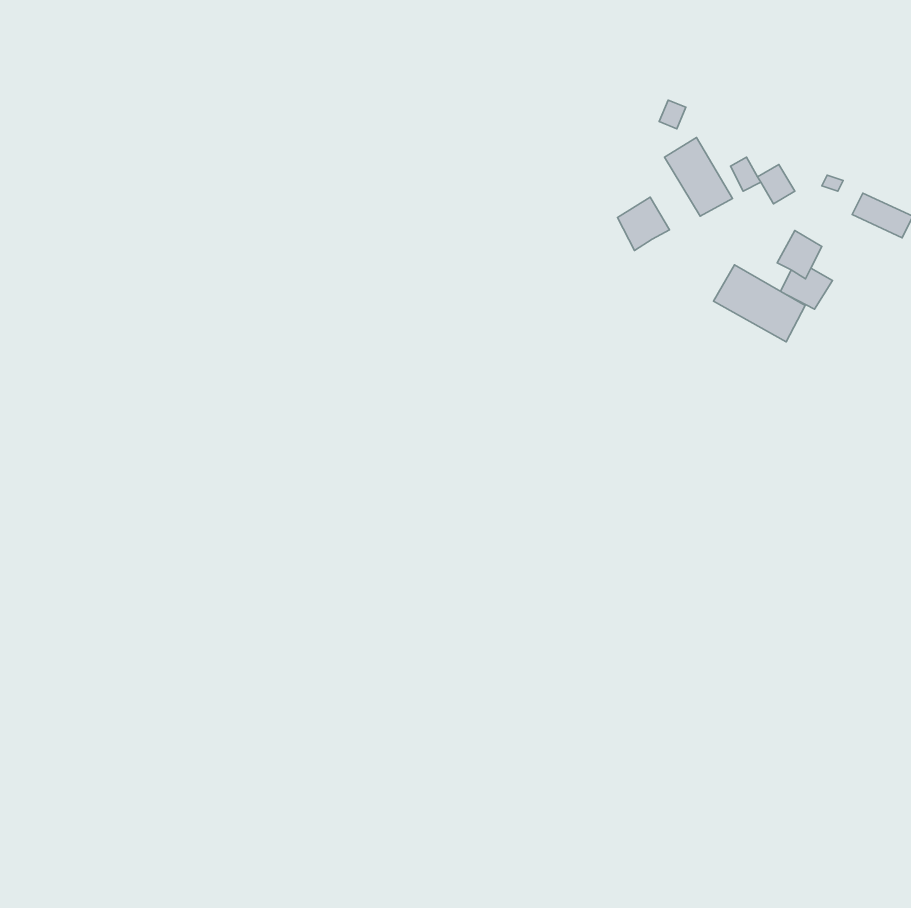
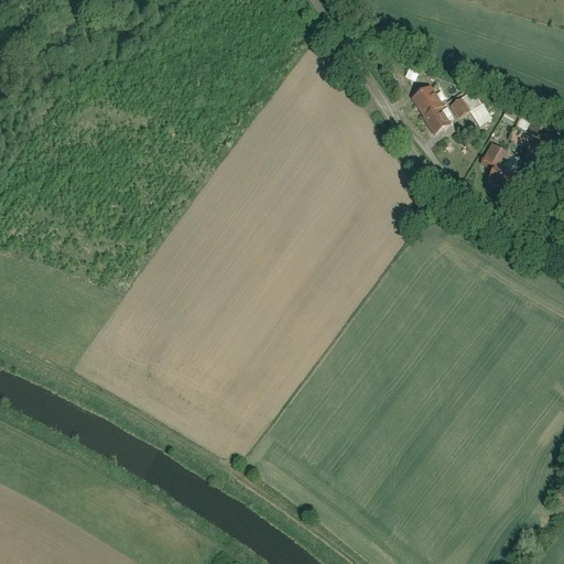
building: [617,197,670,251] -> none
building: [713,265,805,342] -> none

